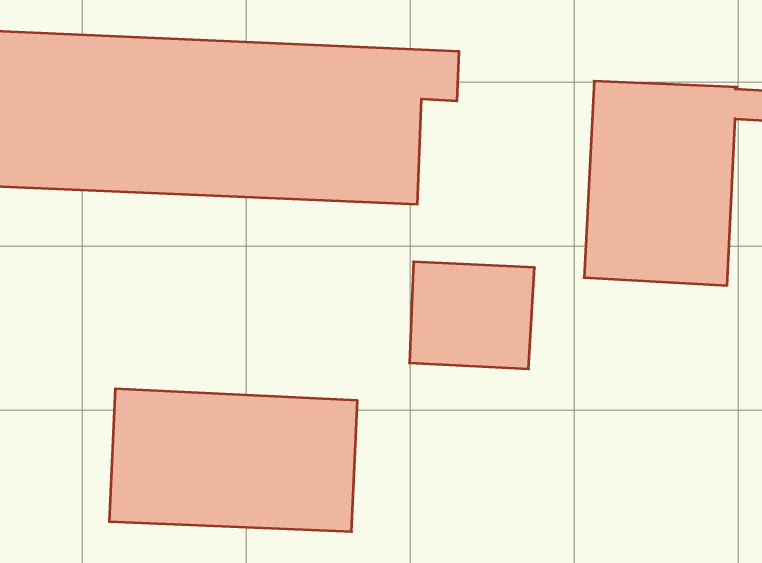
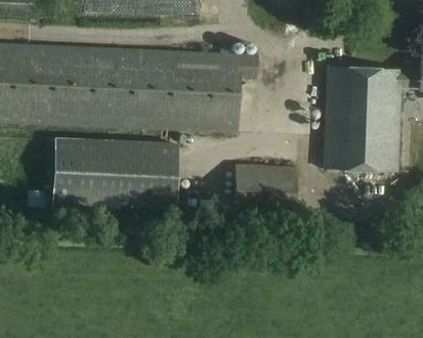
building: [109,389,357,532] -> [51,134,179,208]

